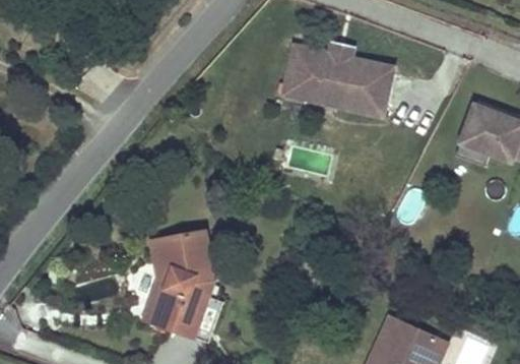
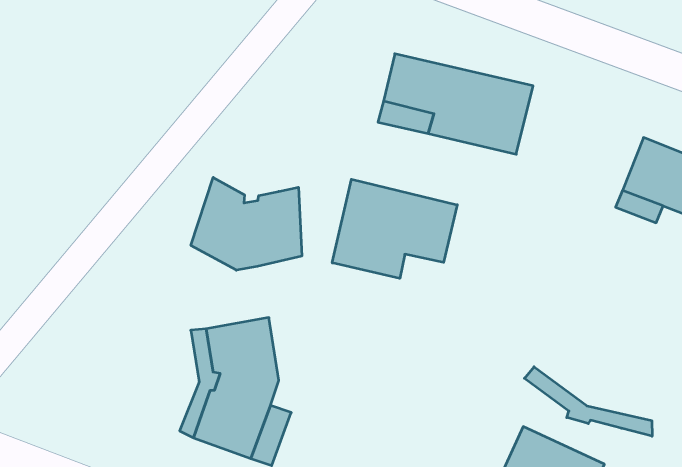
building: none -> [191,177,302,270]
building: none -> [332,179,457,278]
building: none -> [524,367,652,436]

